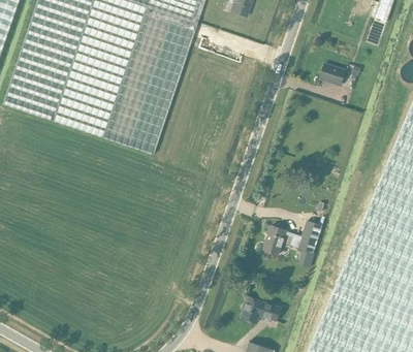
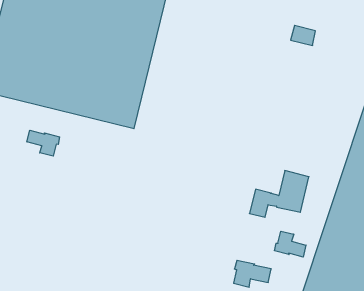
building: none -> [27,130,60,156]
building: none -> [275,231,306,257]

